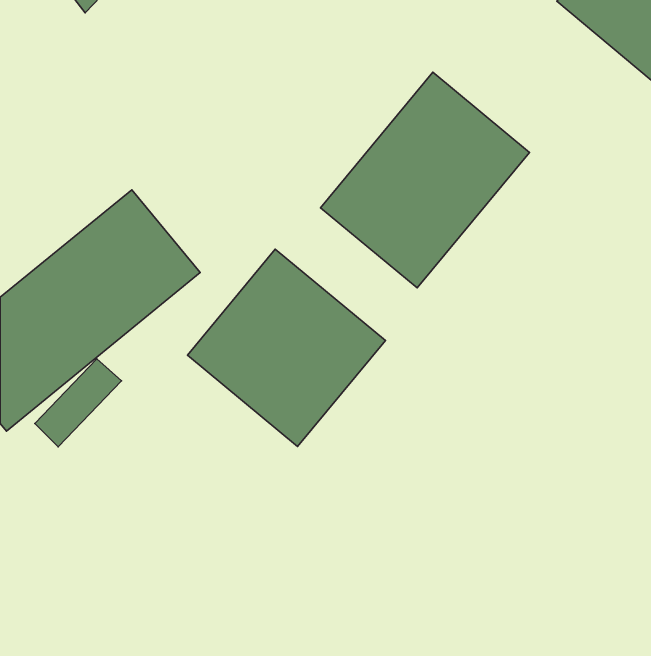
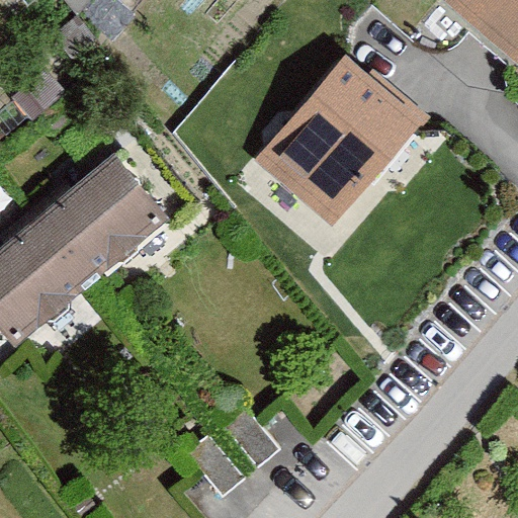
building: [187,249,385,446] -> none

